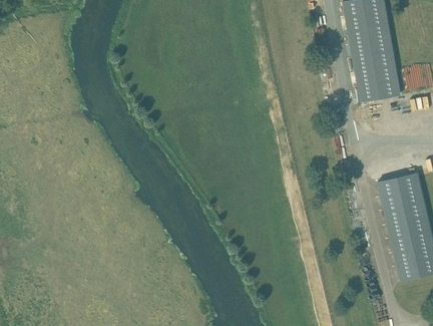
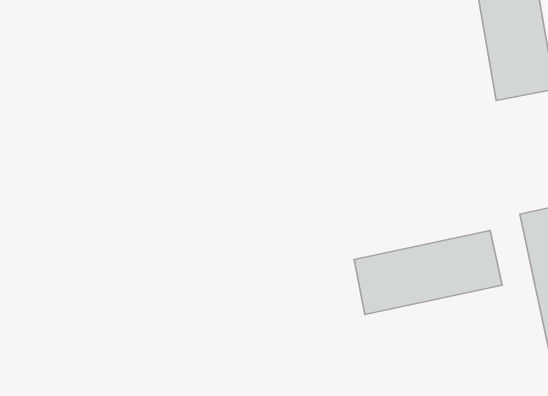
building: none -> [354,230,502,315]

